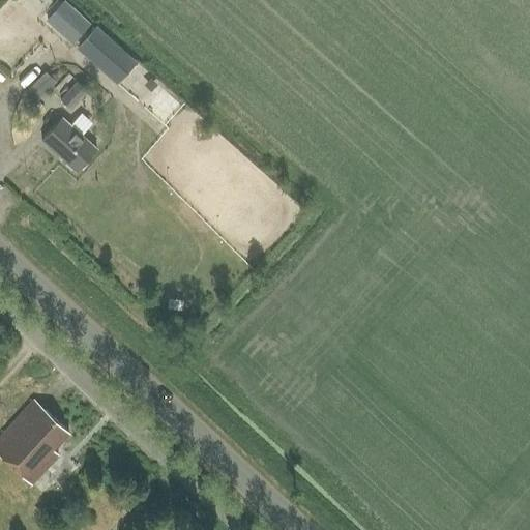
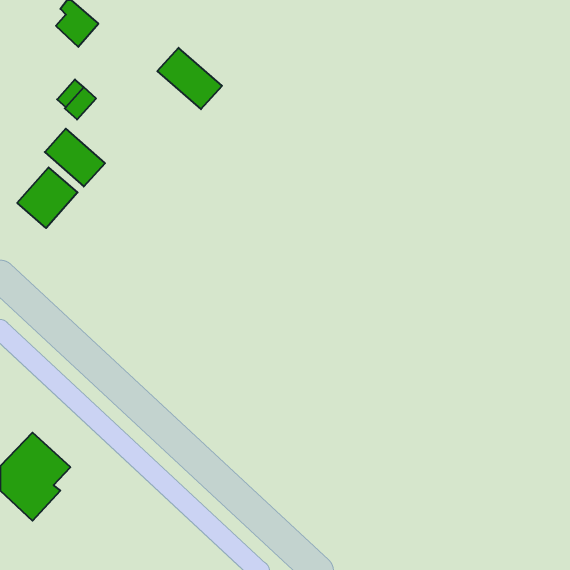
building: [78,27,138,84] -> [157,48,222,109]
building: none -> [17,167,78,228]

